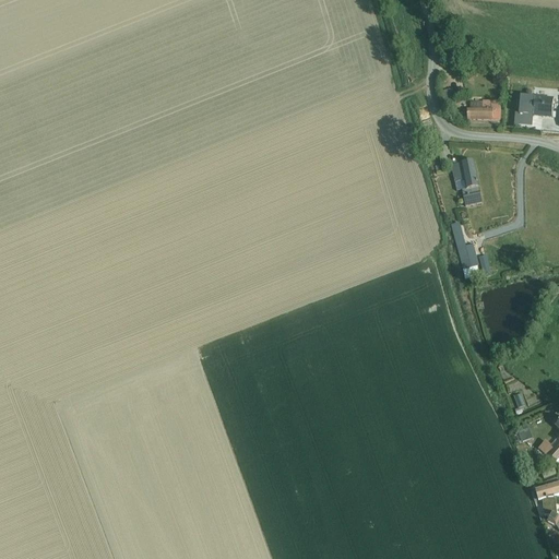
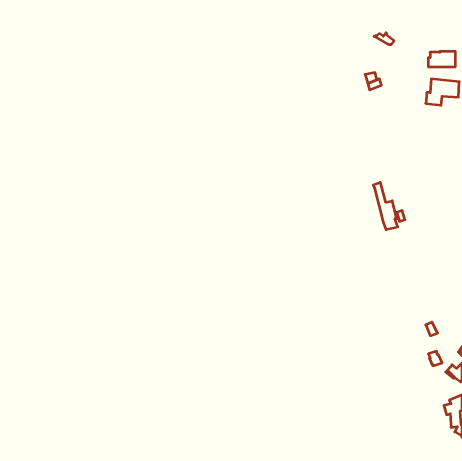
building: [467,99,500,118] -> [428,51,455,67]
building: [451,159,481,204] -> none

